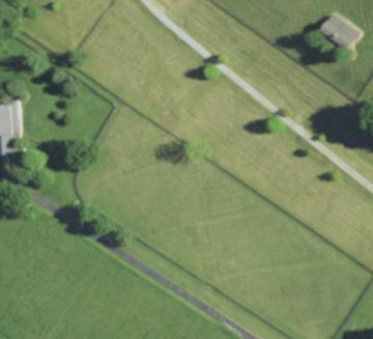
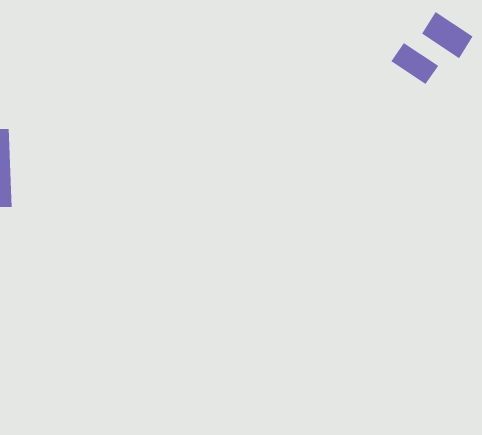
building: none -> [390,42,439,85]

